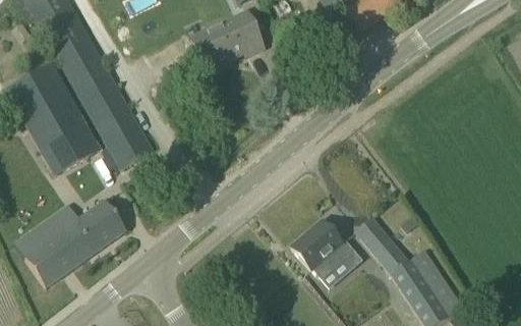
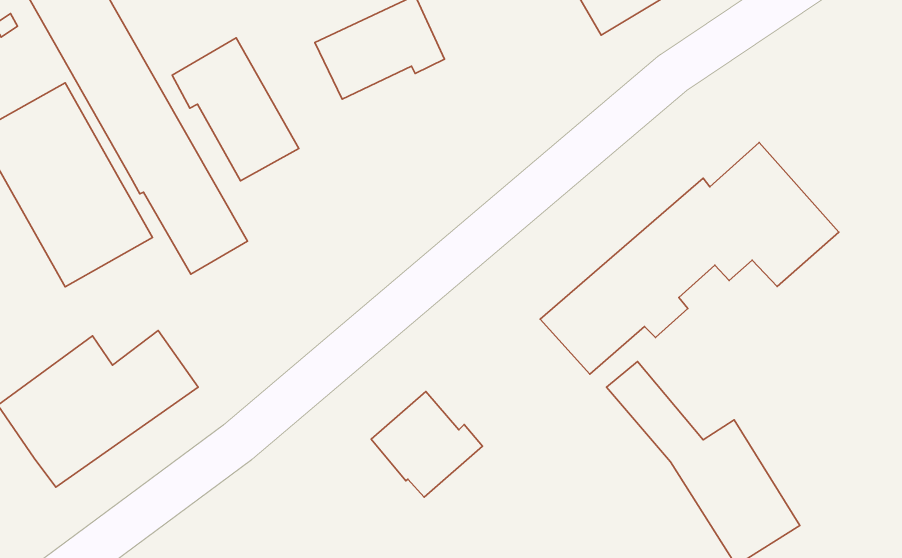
building: none -> [172,38,299,181]
building: none -> [540,142,839,374]
building: [292,220,354,279] -> [371,392,482,497]

